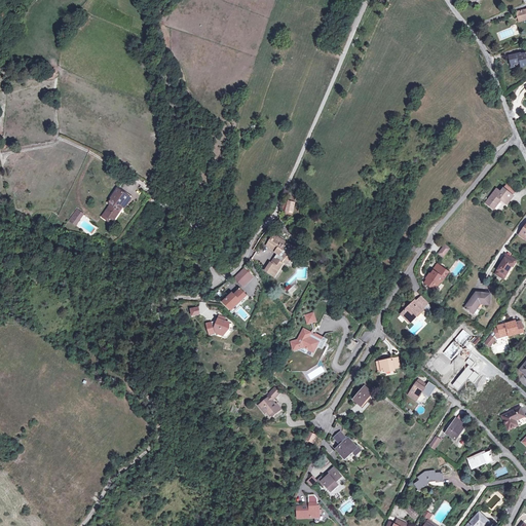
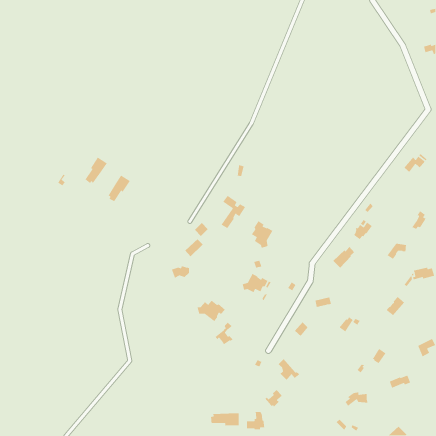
building: none -> [107,174,131,202]
building: none -> [251,220,273,249]
building: none -> [196,300,226,322]
building: none -> [210,413,240,426]

